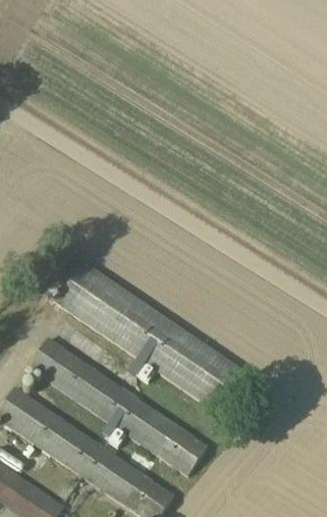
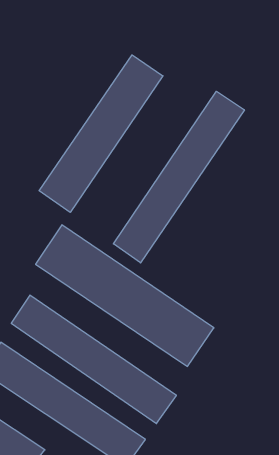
building: none -> [39,55,163,212]
building: none -> [113,91,244,263]

